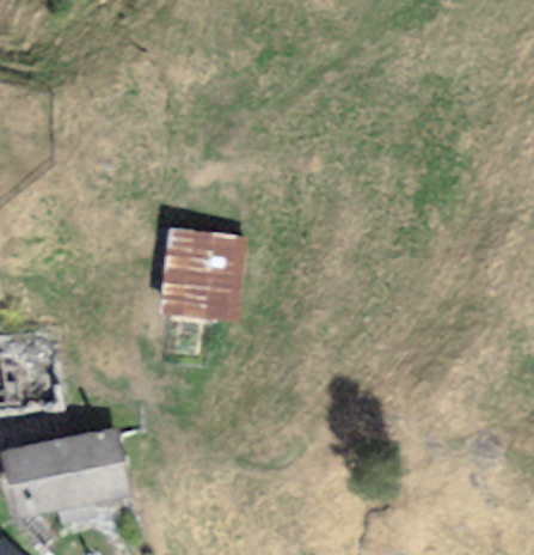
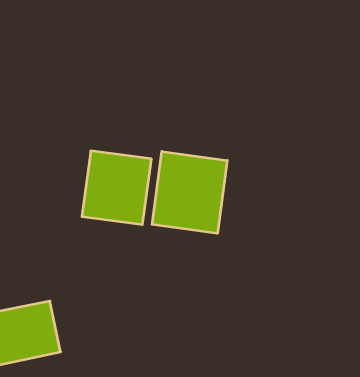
building: none -> [152,151,227,233]

